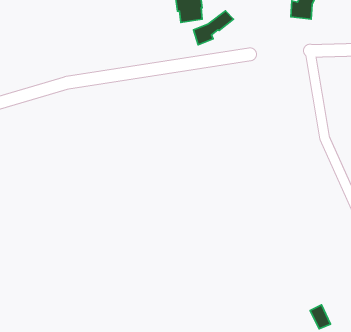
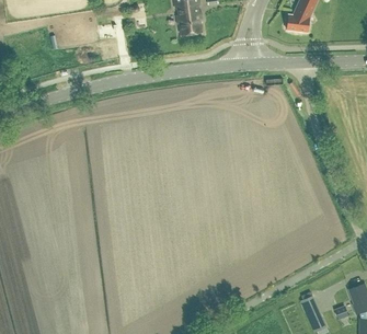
building: [194,11,234,45] -> none

